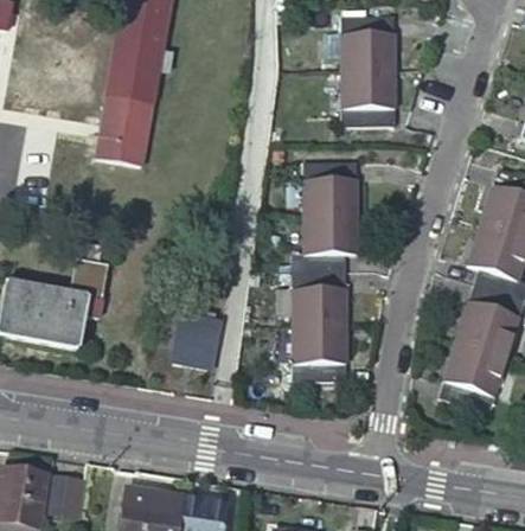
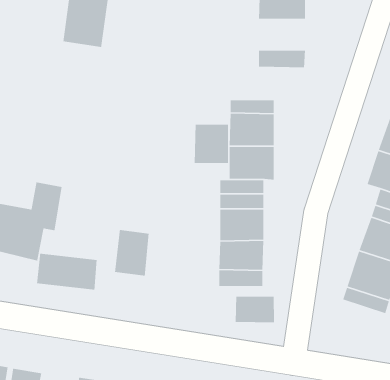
building: [338,68,393,103] -> none
building: [101,94,155,166] -> none
building: none -> [194,124,229,164]
building: none -> [36,253,97,291]
building: none -> [235,296,275,323]

